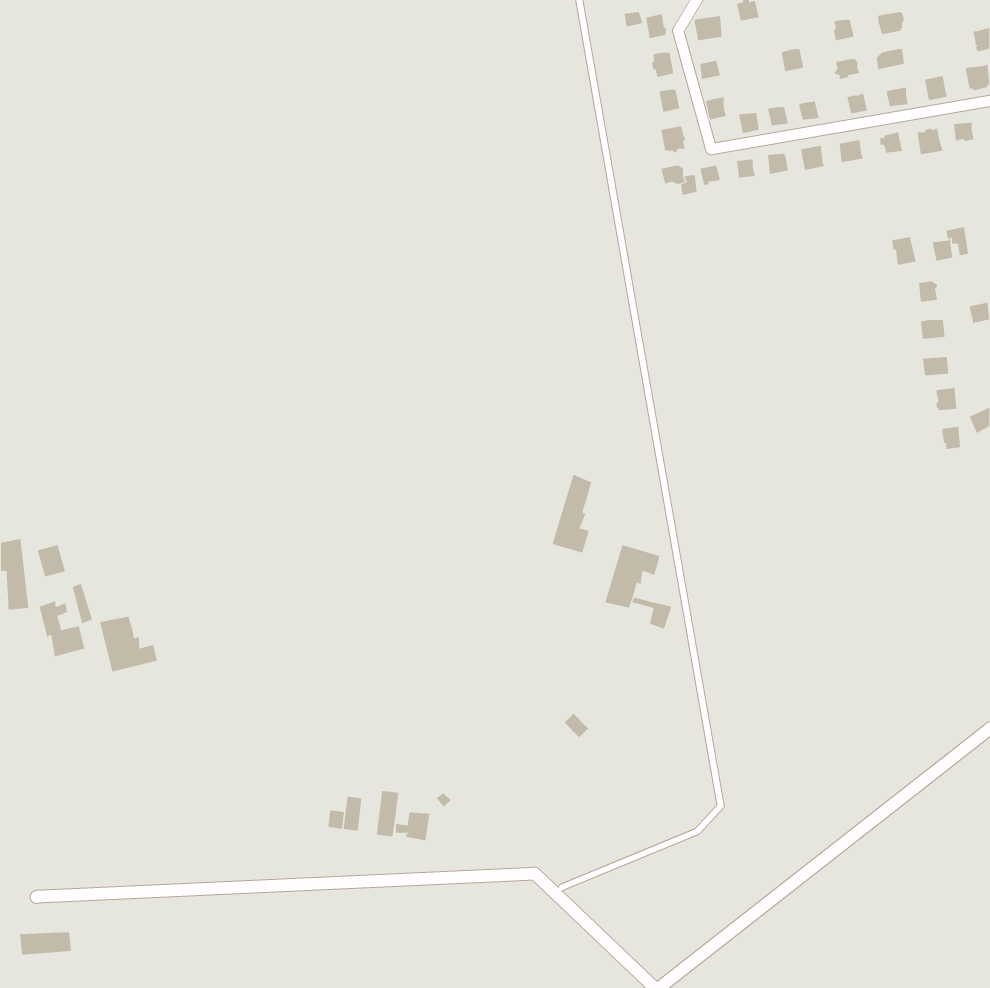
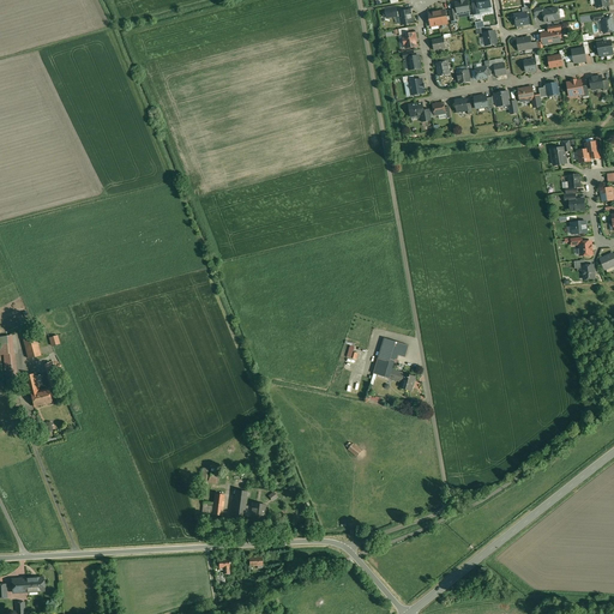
building: [552,474,592,554] -> none
building: [100,616,158,673] -> none

